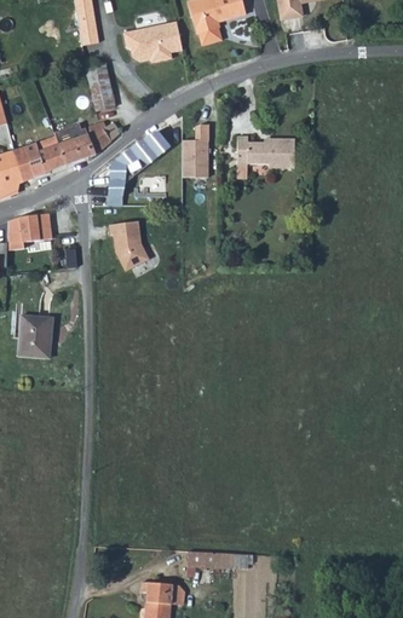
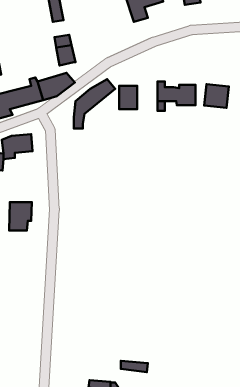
building: [122,21,183,64] -> none
building: none -> [204,84,229,108]
building: [105,221,146,271] -> none

